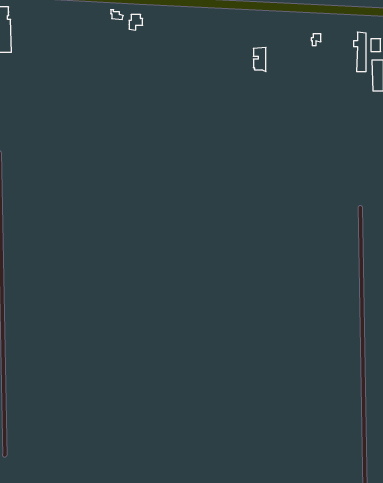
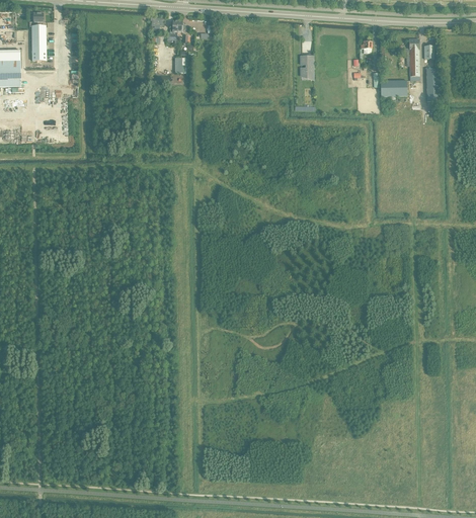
building: none -> [379,79,406,96]

